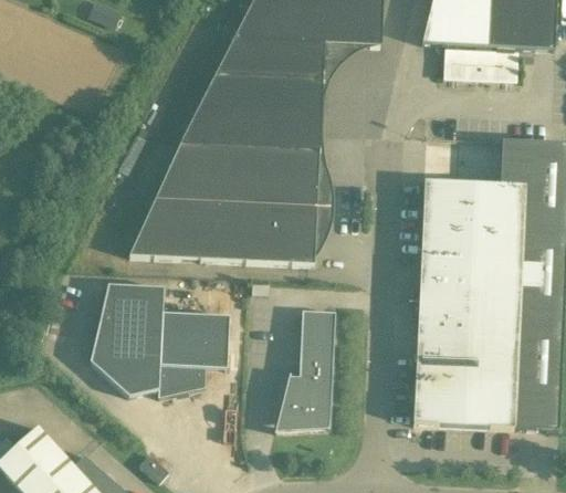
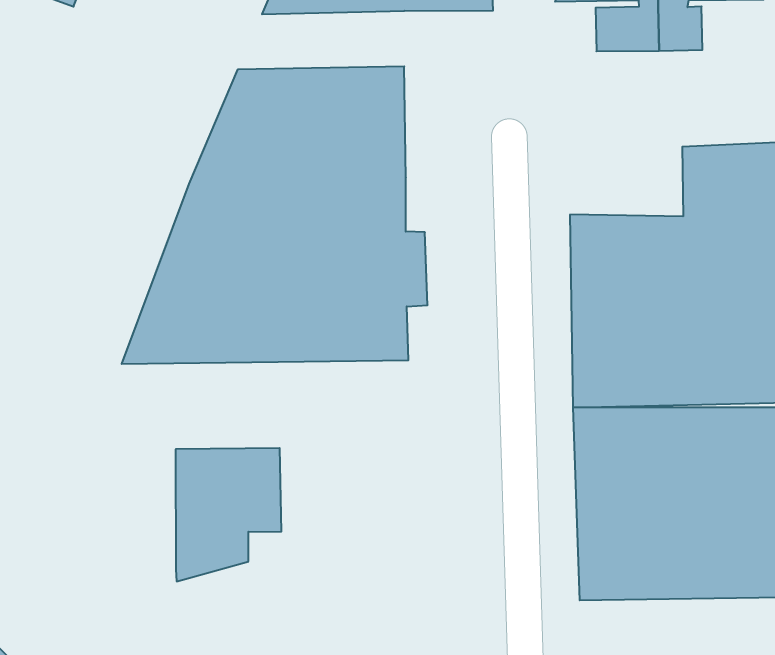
building: [217,39,325,77] -> none
building: [91,284,164,395] -> none
building: [275,310,335,430] -> none

